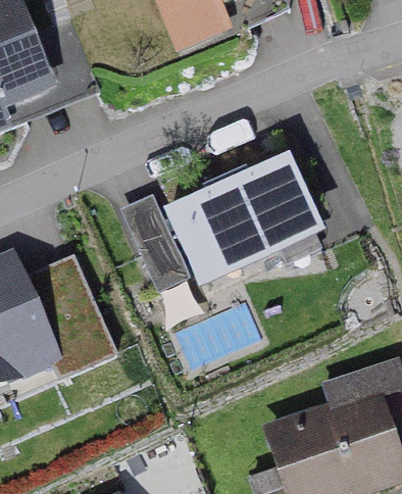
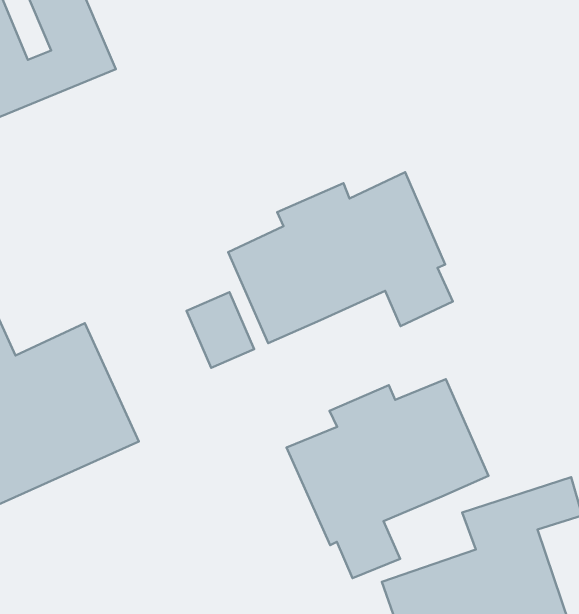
building: none -> [286,379,488,578]

